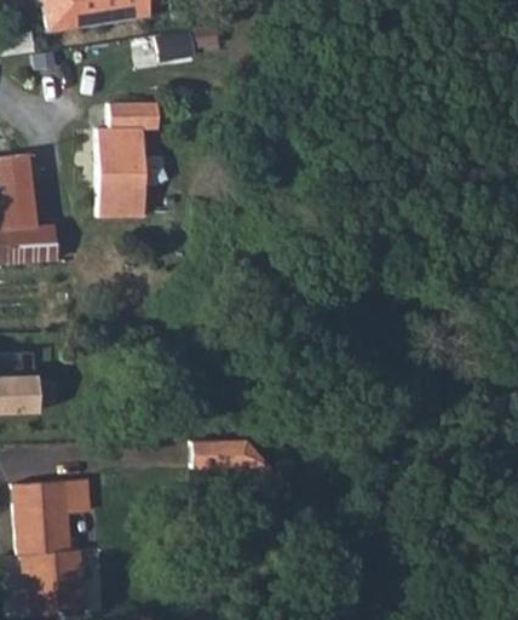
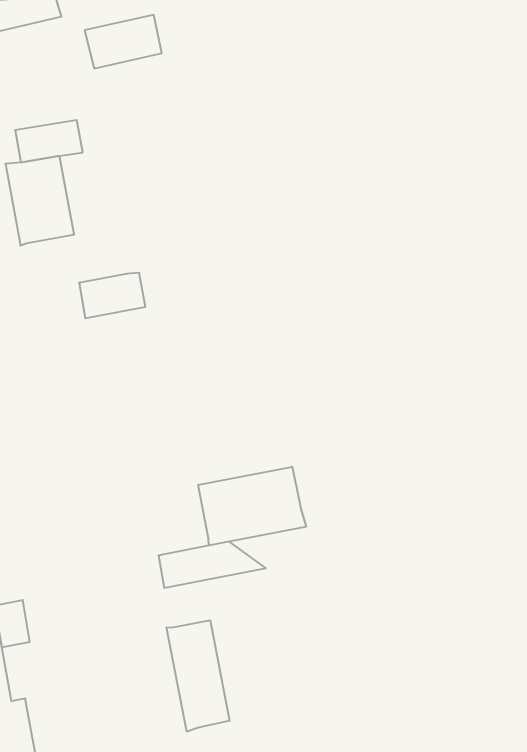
building: [109,188,159,219] -> [79,273,145,318]
building: none -> [198,467,306,546]
building: none -> [167,620,229,732]

